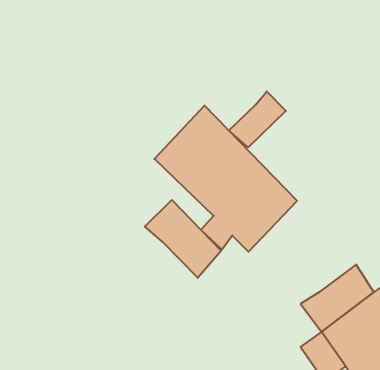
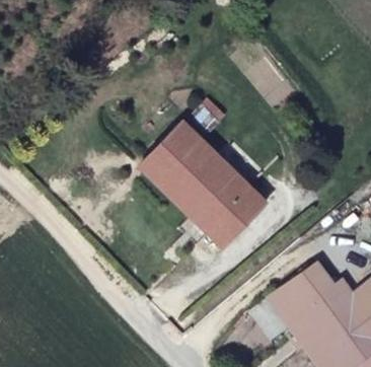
building: [229,91,286,147] -> none
building: [145,200,221,278] -> none

